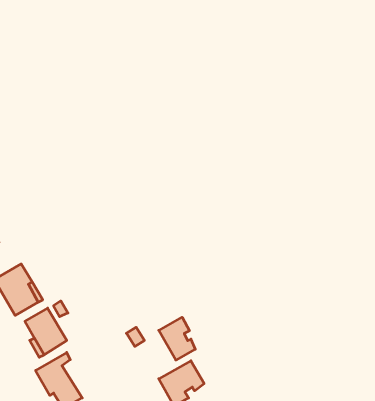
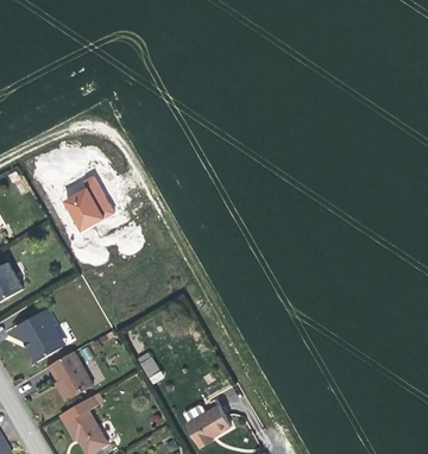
building: none -> [62,172,114,231]
building: [159,317,195,360] -> none

